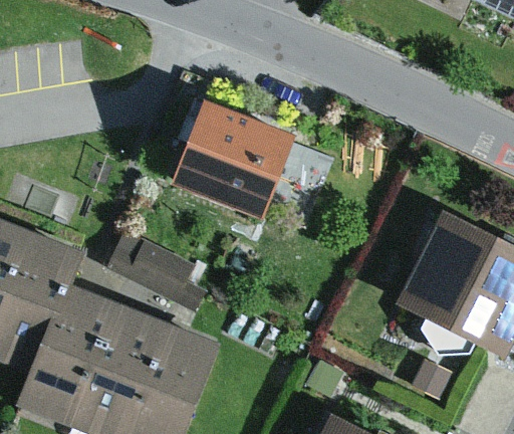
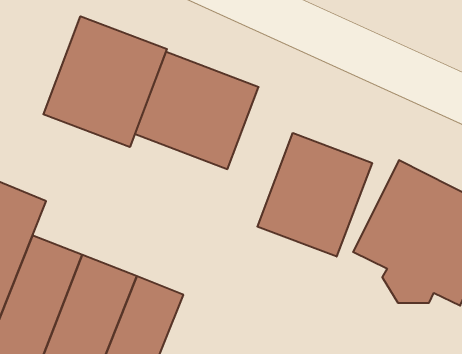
building: none -> [43,16,167,147]
building: none -> [257,133,372,257]
building: [108,228,209,311] -> none

